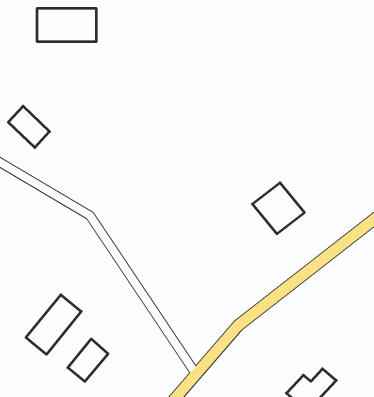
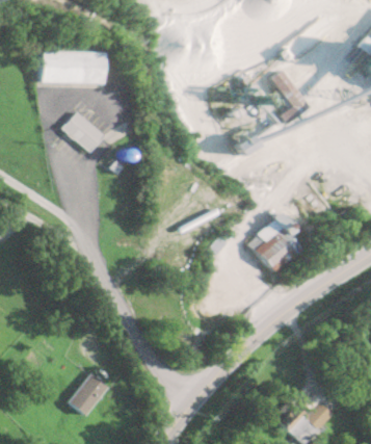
building: [8,106,50,148] -> [62,112,103,153]
building: [26,295,81,354] -> none

